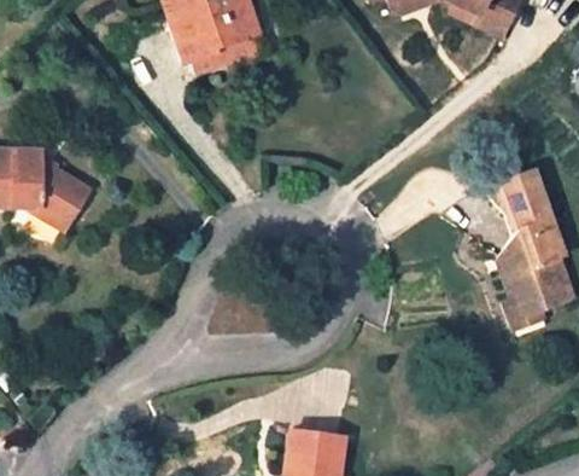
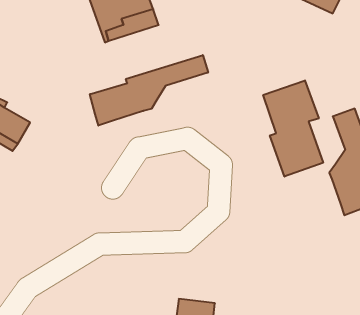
building: none -> [90,55,208,126]
building: none -> [263,80,323,177]

